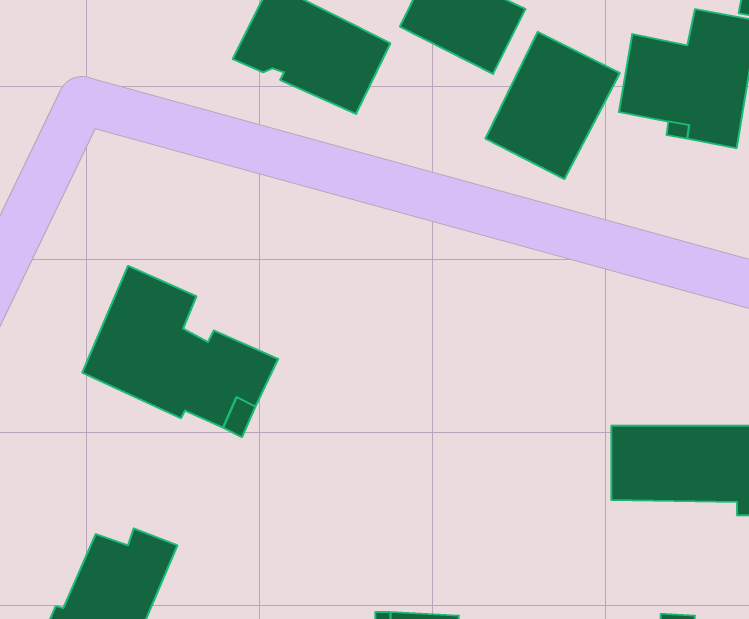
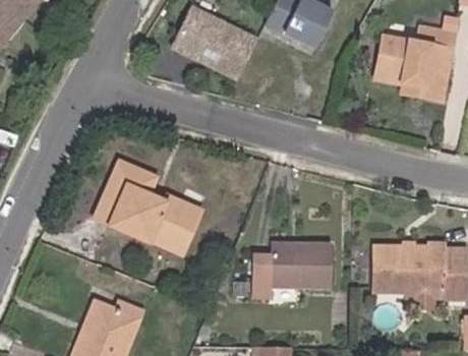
building: [486,32,620,179] -> none
building: none -> [254,242,330,292]

